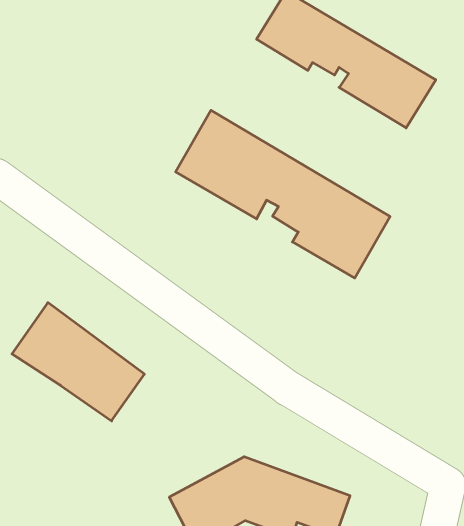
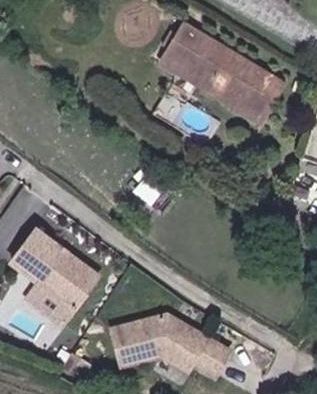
building: [176,110,390,278] -> none
building: none -> [29,278,73,318]

